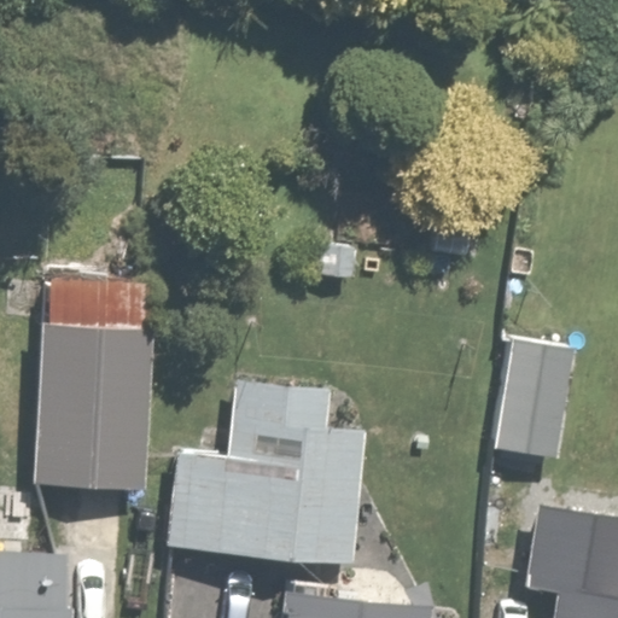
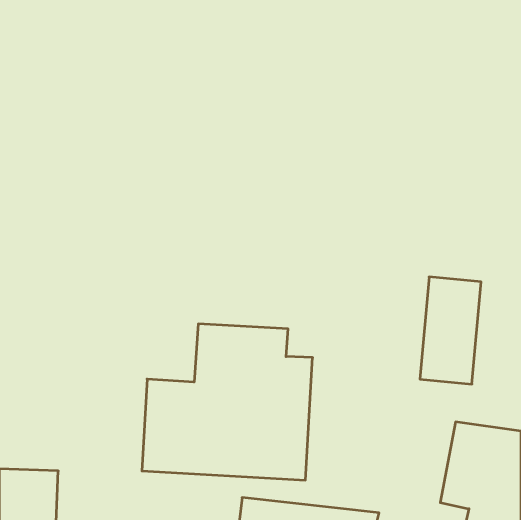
building: [36,269,154,491] -> none

